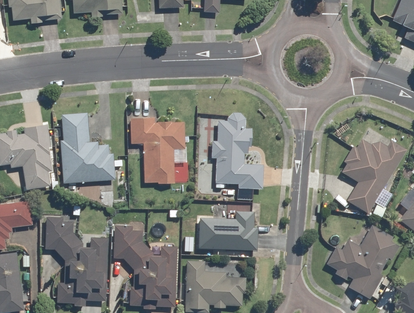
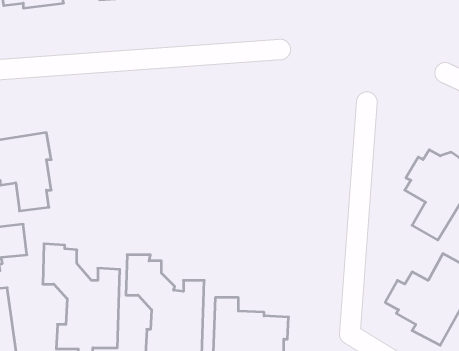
building: [211,111,263,189] -> none
building: [60,112,115,183] -> none
building: [129,117,186,184] -> none
building: [198,211,257,250] -> none

